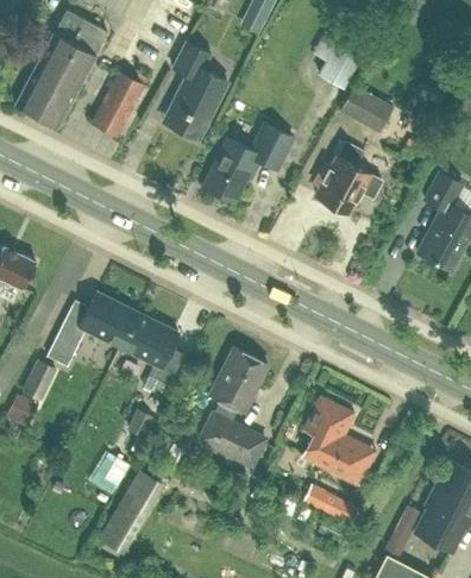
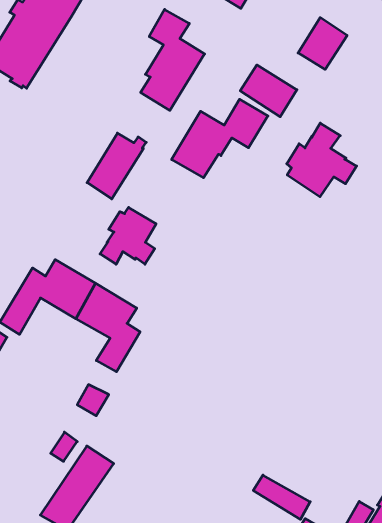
building: [92,73,146,137] -> [87,133,146,199]
building: [339,86,394,134] -> [240,65,297,117]
building: none -> [100,207,156,264]
building: [199,348,268,466] -> none
building: [302,396,376,485] -> none

